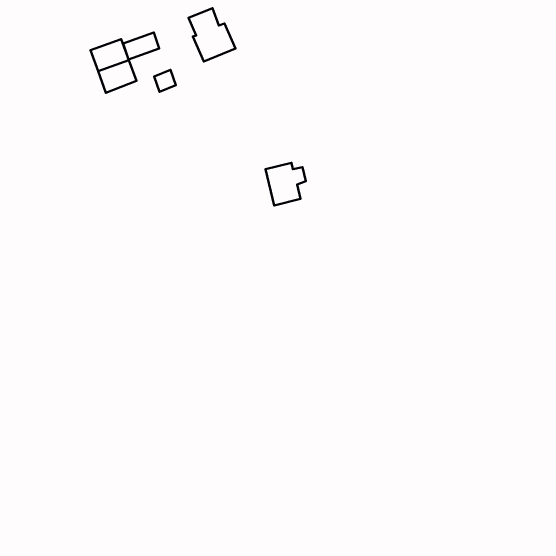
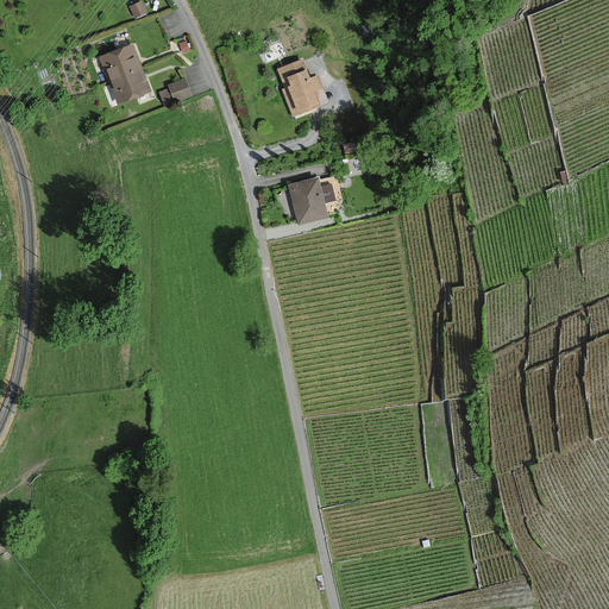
building: [188,8,235,62] -> [277,58,328,117]
building: [123,33,159,59] -> none

